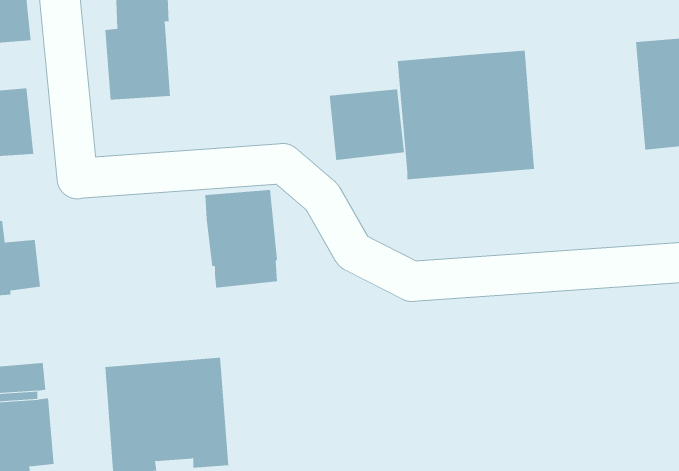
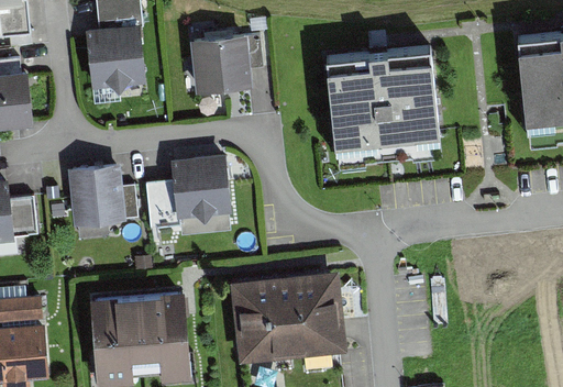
building: [329,89,405,161] -> [189,36,251,95]
building: none -> [67,165,124,226]
building: none -> [145,180,178,228]
building: none -> [229,272,346,364]

